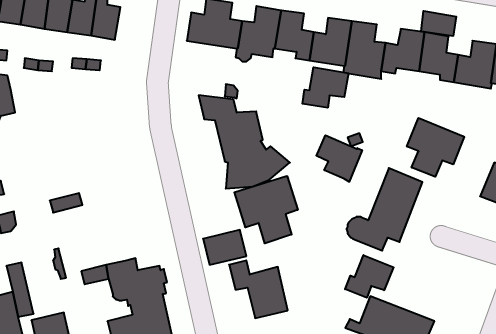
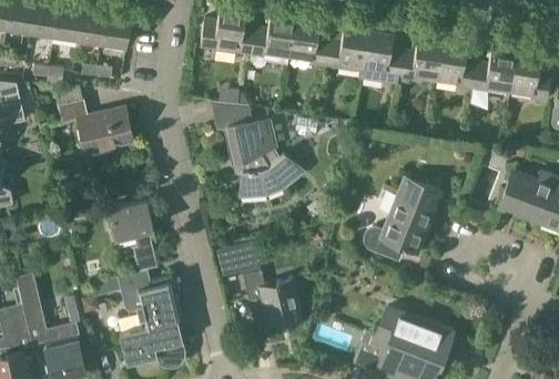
building: [421,11,456,36] -> none
building: [302,67,348,108] -> none
building: none -> [59,101,134,155]
building: [407,118,464,177] -> none
building: [316,135,362,182] -> none
building: [234,176,298,243] -> none
building: none -> [109,202,156,273]
building: [345,255,394,298] -> none

